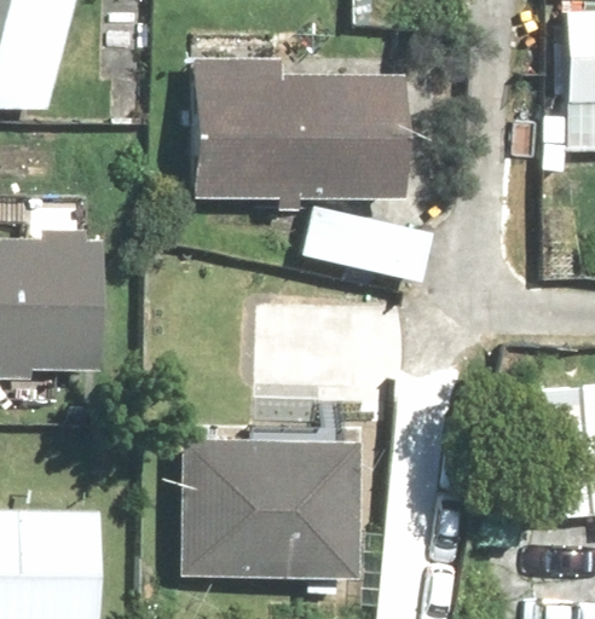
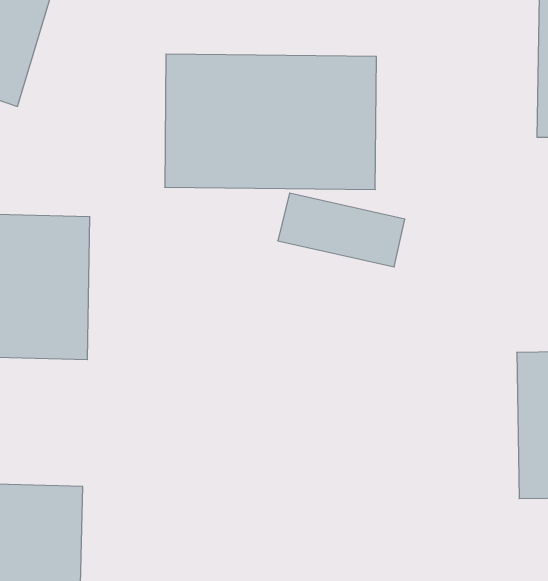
building: [169,441,360,583] -> none

